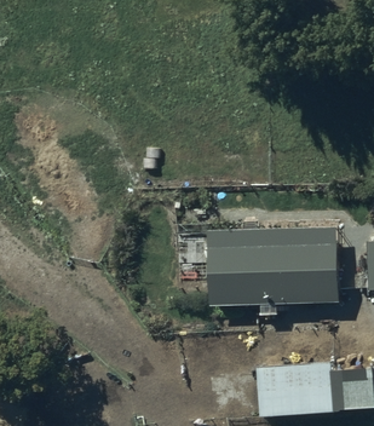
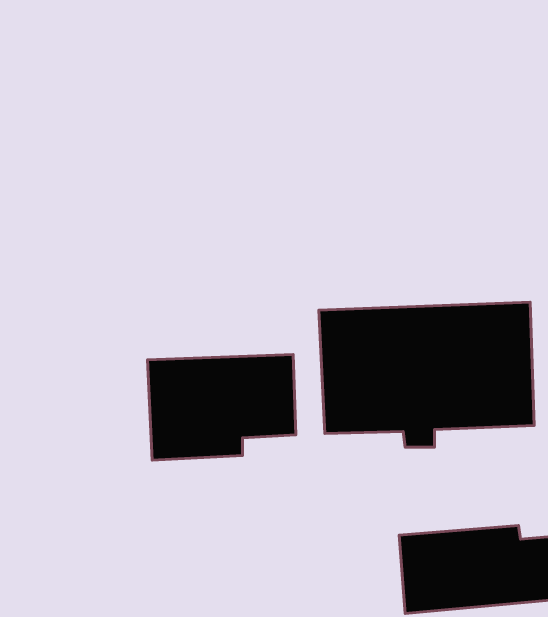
building: none -> [147,354,296,460]

